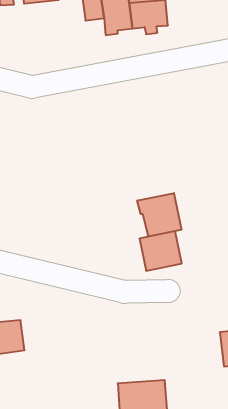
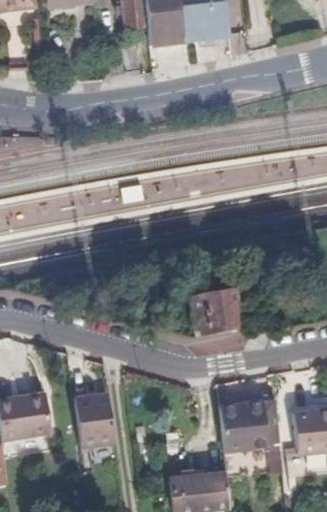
building: [137,193,181,237] -> none
building: none -> [74,389,109,441]
building: none -> [220,404,279,470]

